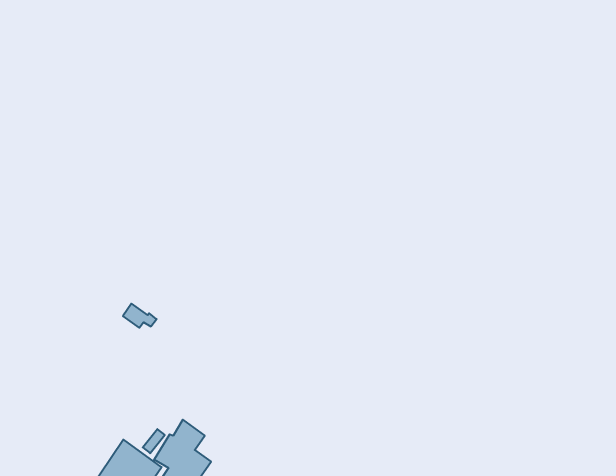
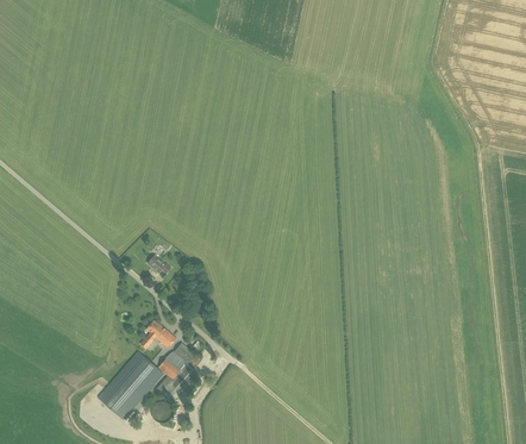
building: none -> [140,319,176,349]

